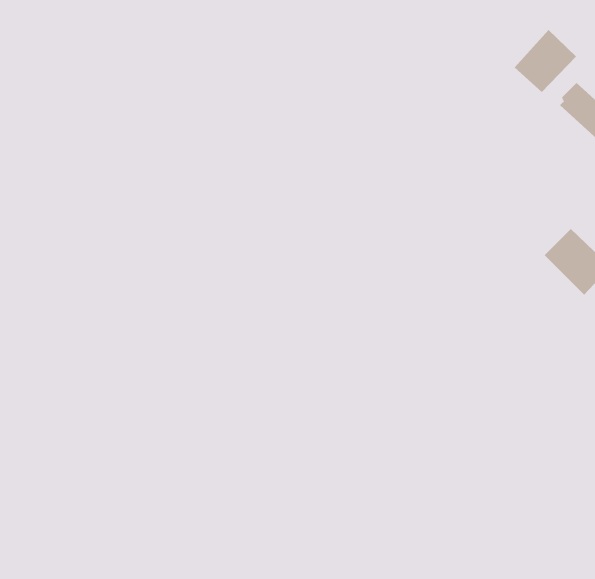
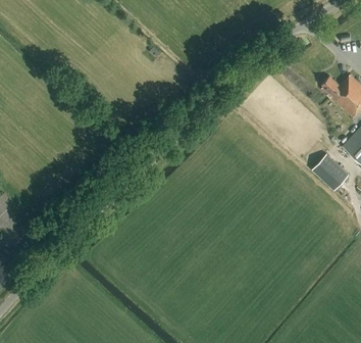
building: [514,29,577,93] -> none

